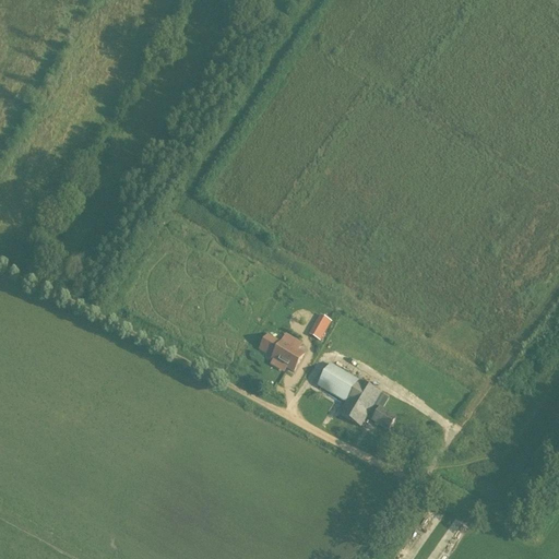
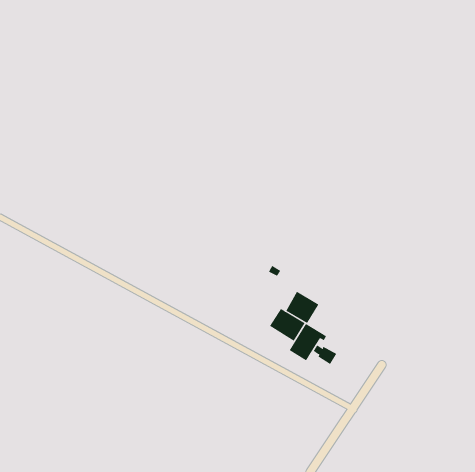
building: [271,338,302,369] -> none
building: none -> [285,291,319,324]

